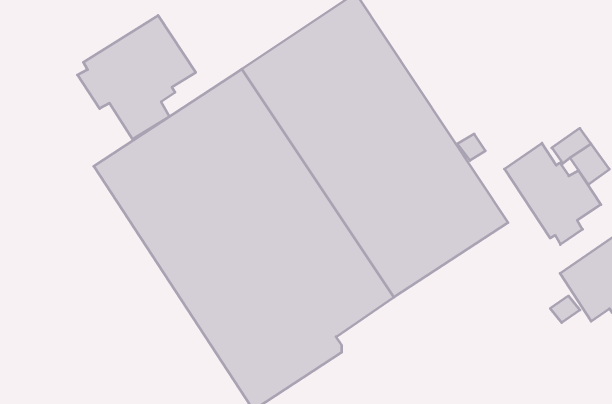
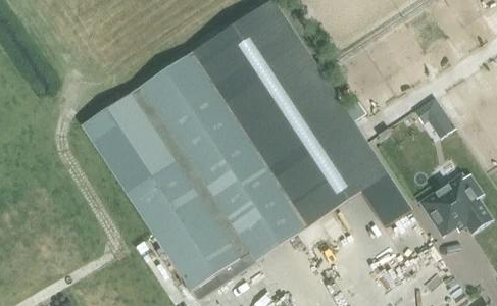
building: [77,15,196,139] -> none
building: [504,143,601,245] -> none

